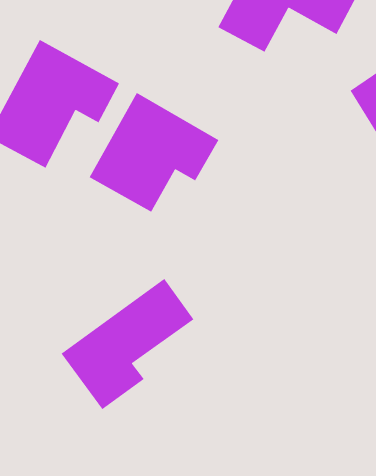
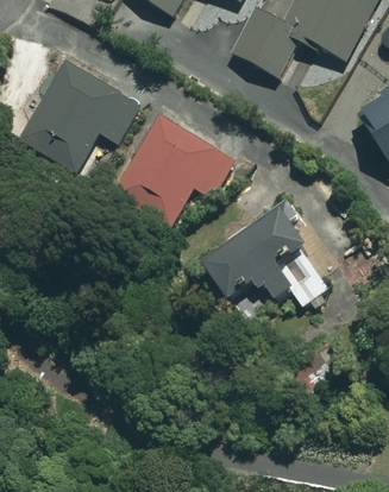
building: none -> [199,208,328,304]
building: [60,278,194,410] -> none

